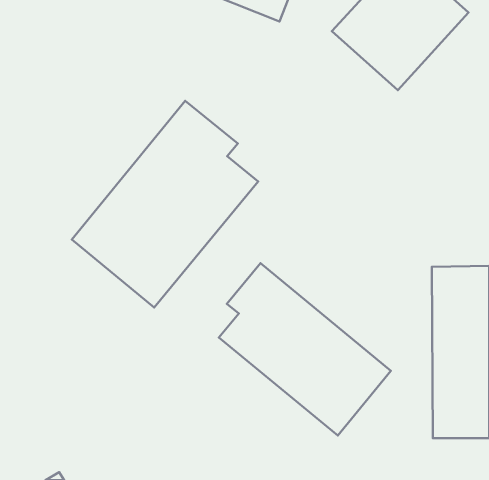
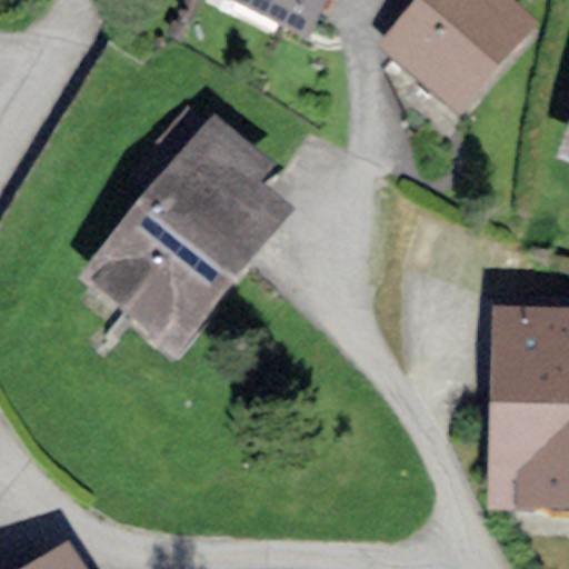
building: [219,263,391,435] -> none

